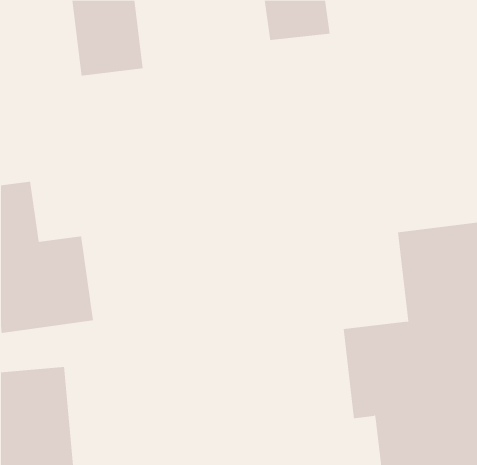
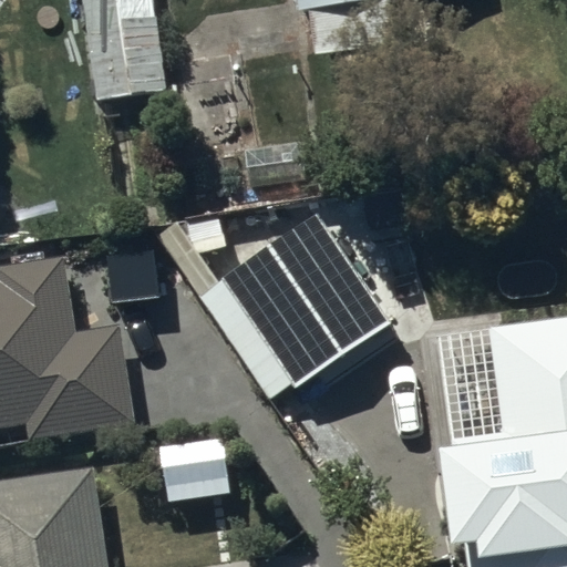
building: none -> [202,186,403,377]

